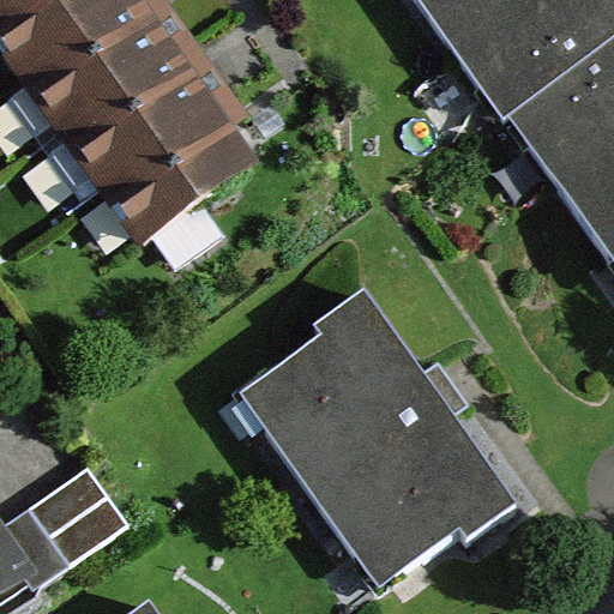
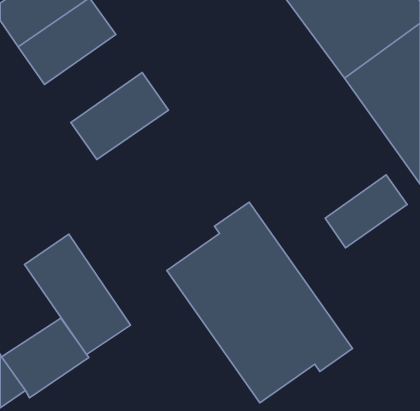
building: [65,50,207,179] -> none
building: none -> [325,175,407,248]
building: none -> [24,234,131,355]

